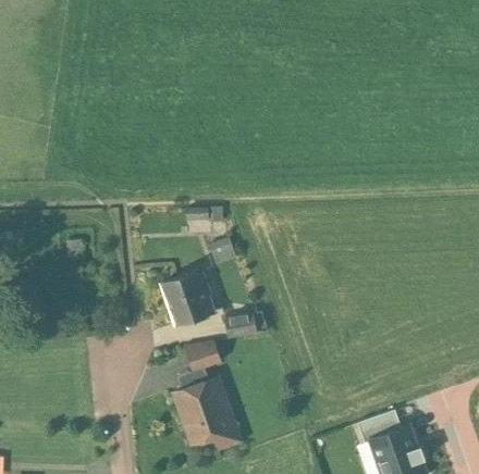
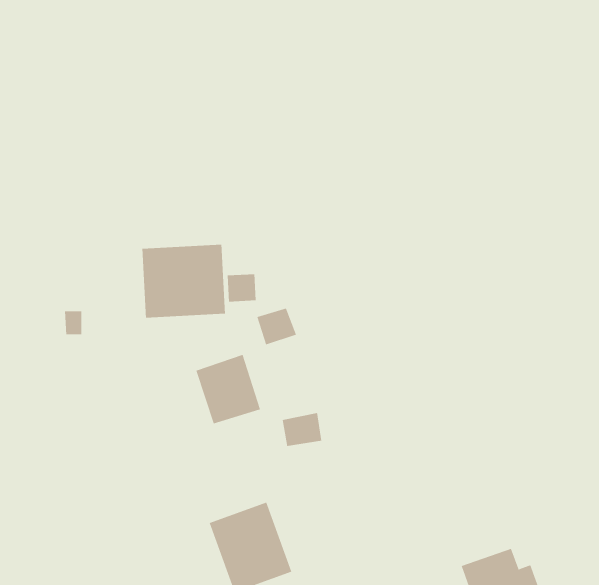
building: none -> [142,244,226,318]
building: [184,341,219,372] -> none

